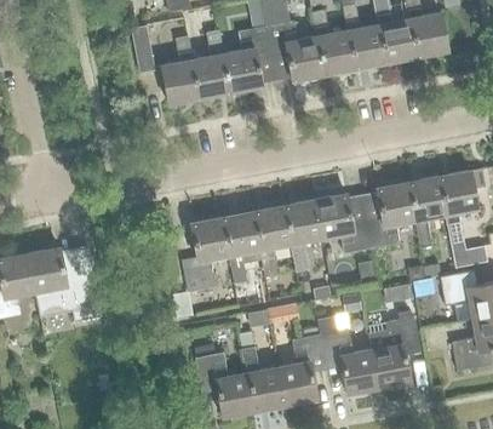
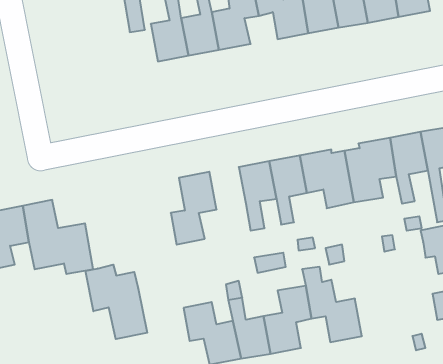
building: [222,212,259,284] -> none
building: [369,311,420,387] -> none
building: none -> [86,265,147,339]

